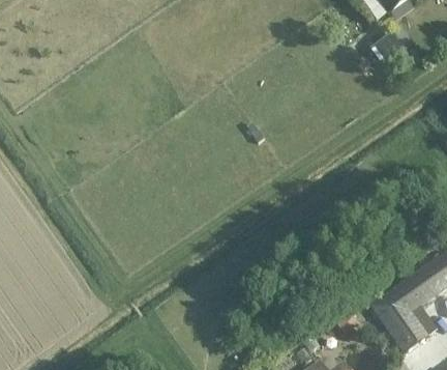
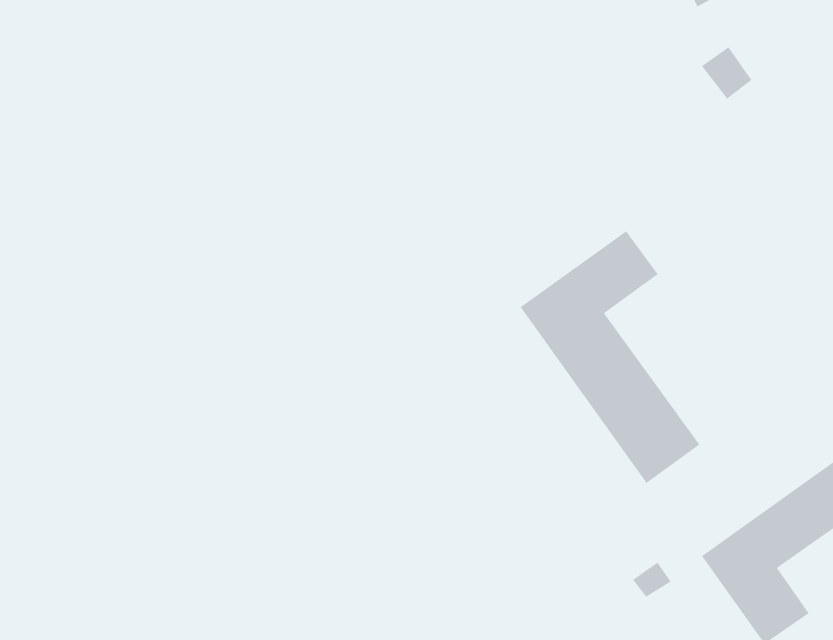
building: none -> [520,231,700,484]

